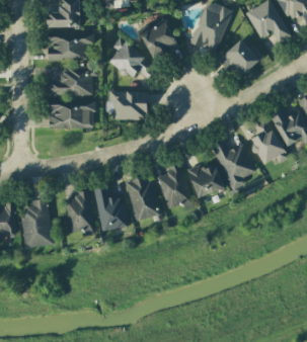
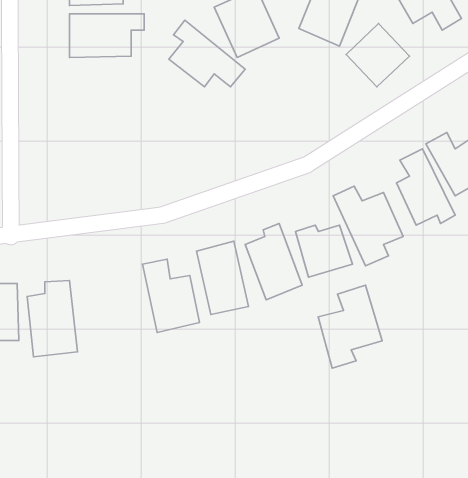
building: [48,68,97,95] -> none
building: [108,91,148,120] -> none
building: [48,102,94,129] -> none
building: [63,193,93,235] -> none
building: none -> [318,285,382,368]

